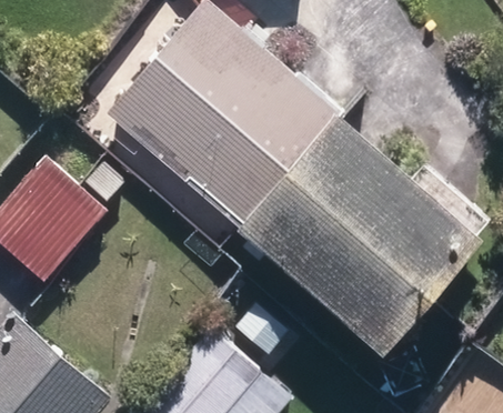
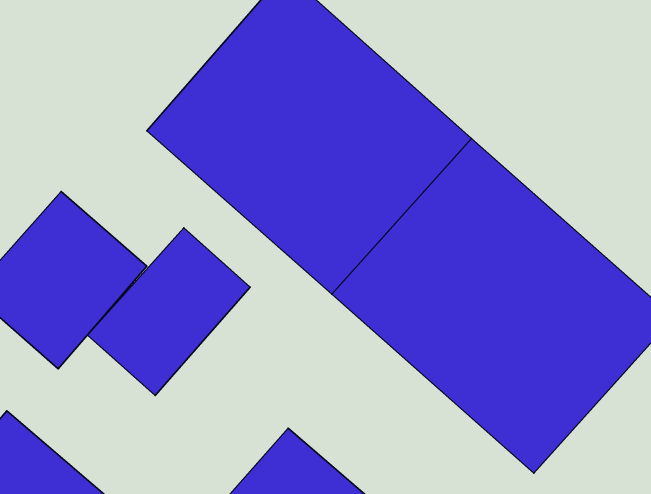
building: none -> [87,228,250,396]

